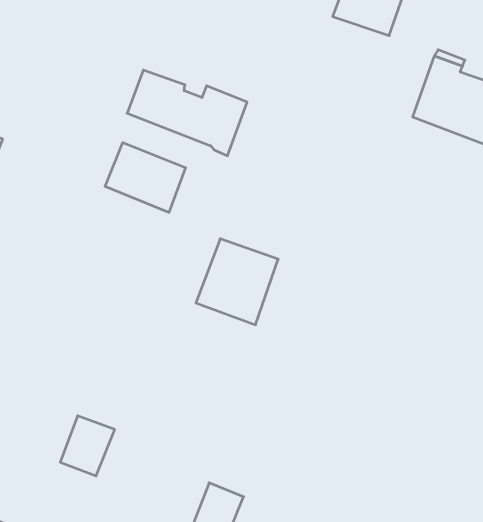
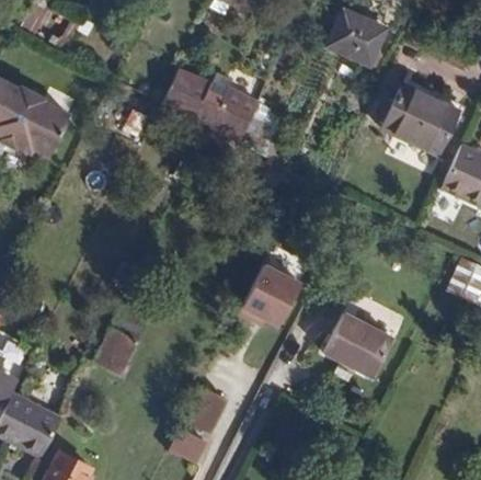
building: [105,143,186,212] -> none
building: [196,239,278,325] -> [238,262,304,330]
building: none -> [322,313,392,379]

